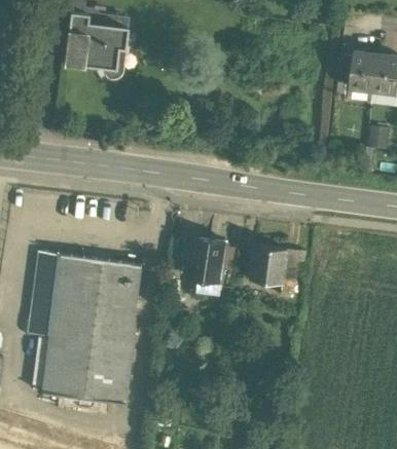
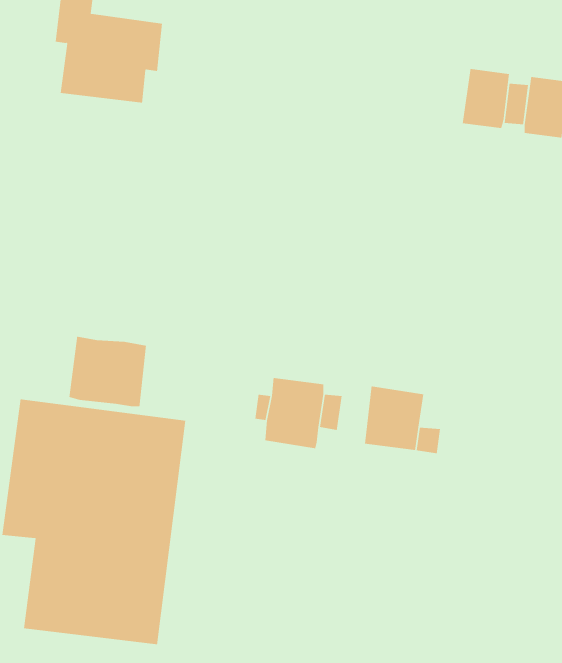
building: none -> [462,68,510,129]
building: none -> [69,336,146,407]

